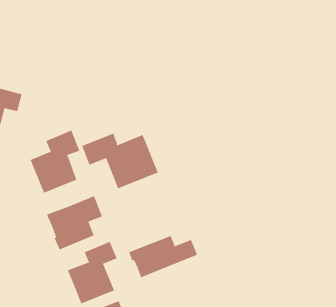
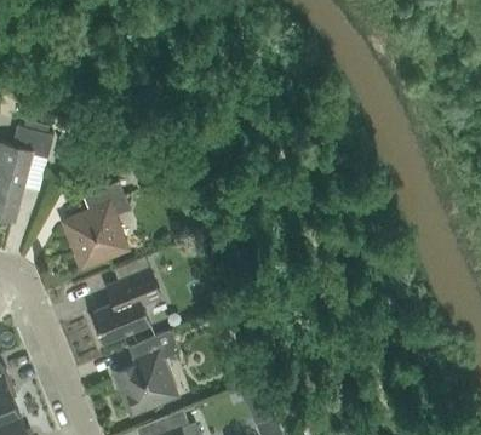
building: [81,133,159,189] -> none
building: [129,235,198,278] -> none

